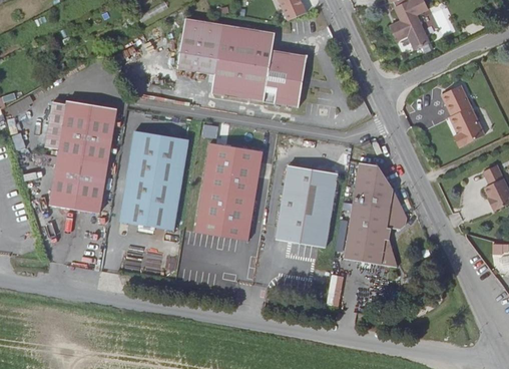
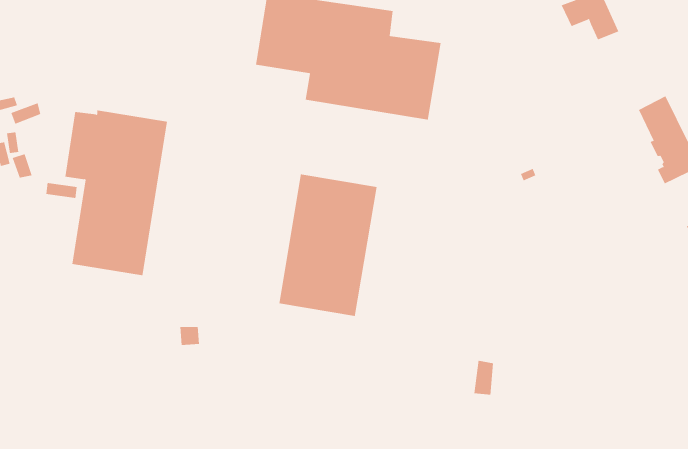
building: [122,128,189,231] -> none
building: [346,161,406,267] -> none
building: [276,163,337,247] -> none

